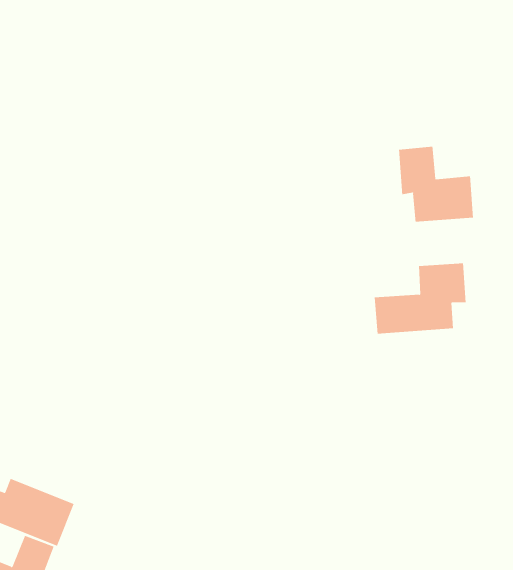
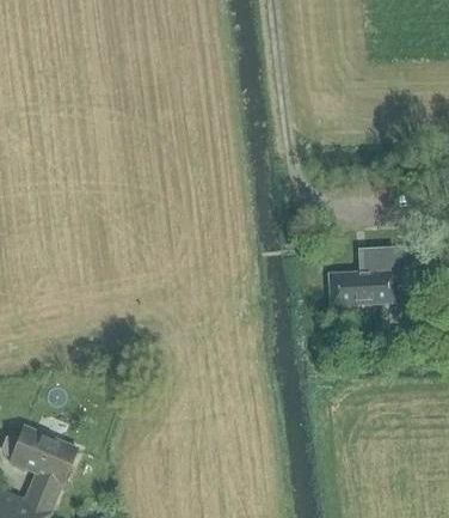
building: [398,146,473,223] -> none

